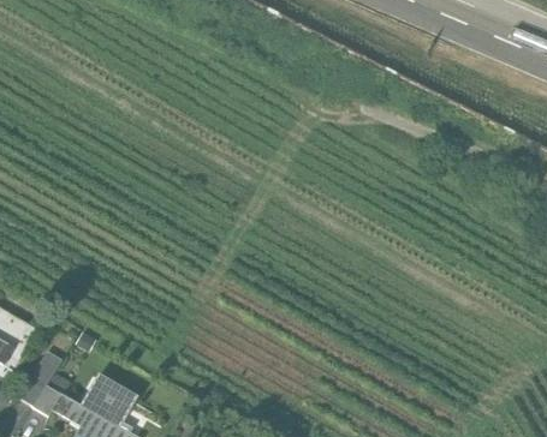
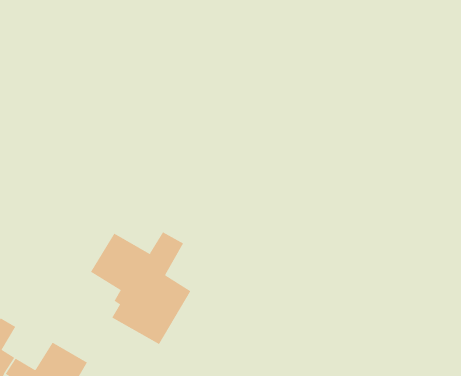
building: none -> [90,232,191,345]

